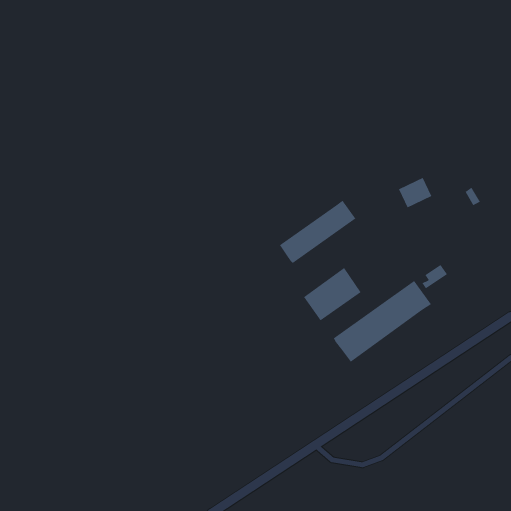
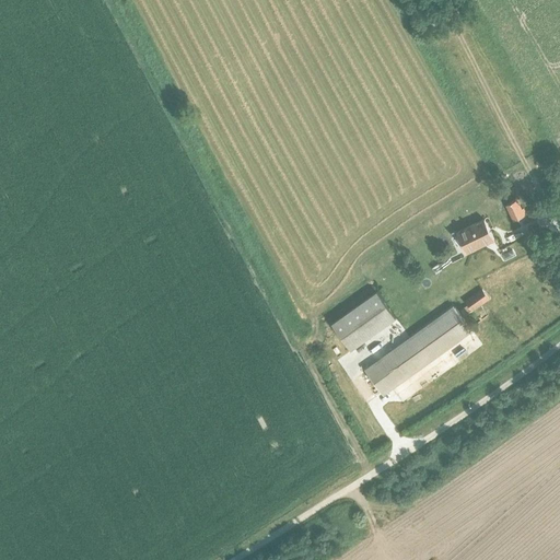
building: [398,177,432,208] -> [455,221,492,255]
building: [279,200,356,264] -> none

